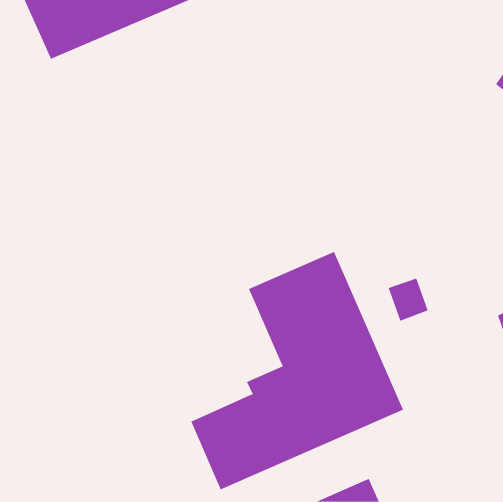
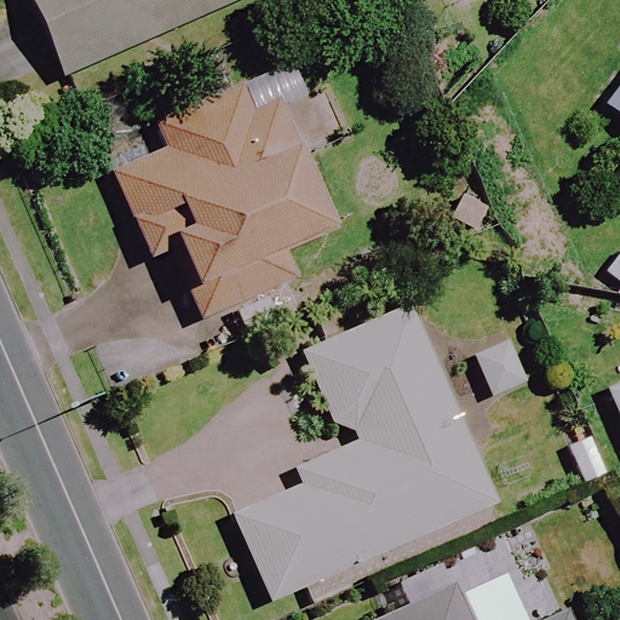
building: none -> [119,88,337,314]

